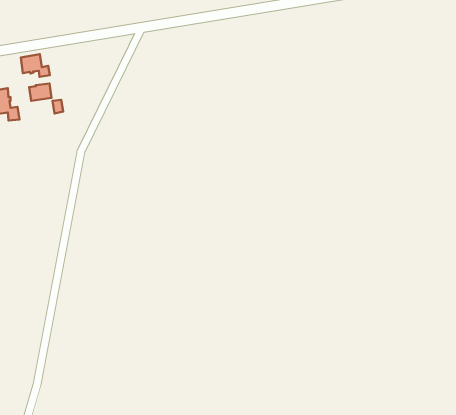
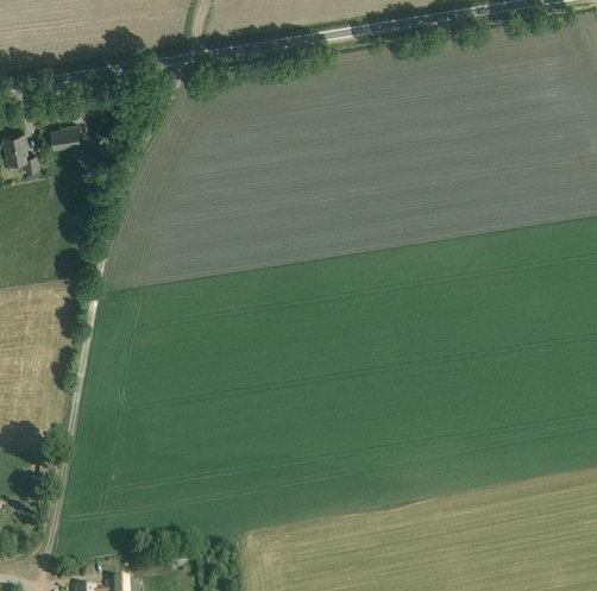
building: [21,54,50,77] -> none

